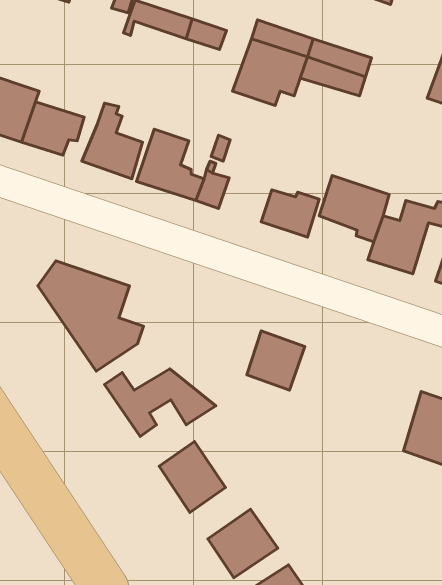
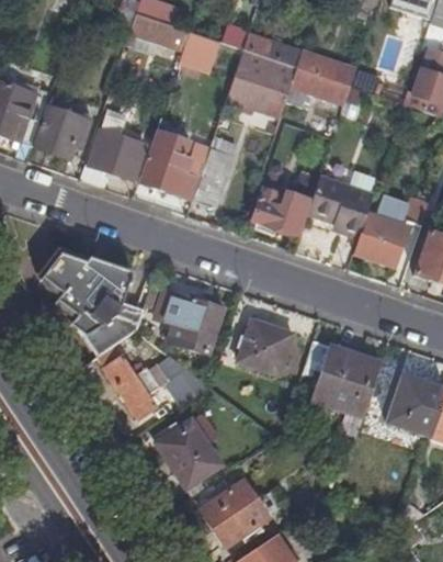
building: none -> [158,291,224,353]
building: none -> [296,339,382,417]

